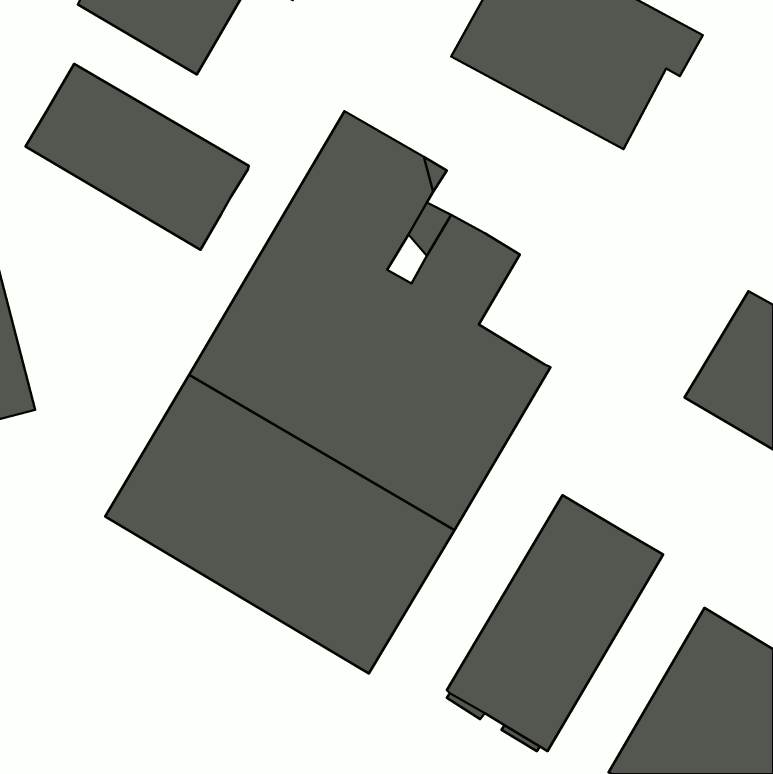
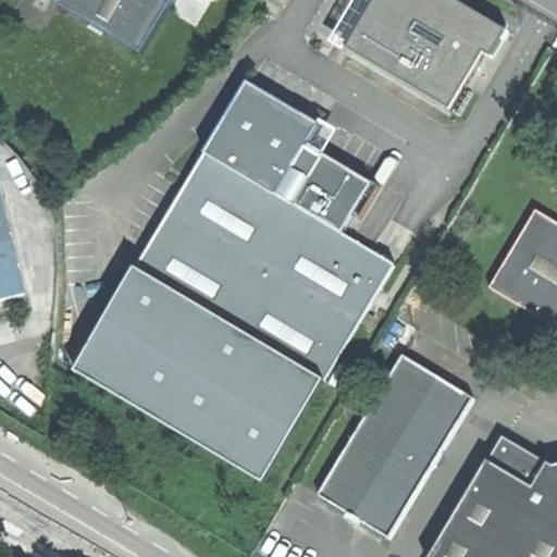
building: [26,64,249,250] -> none

